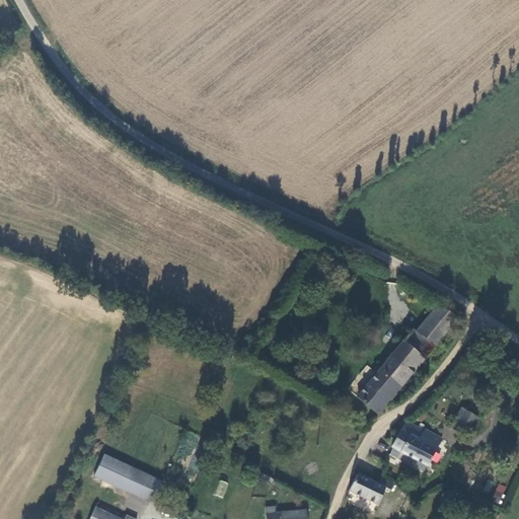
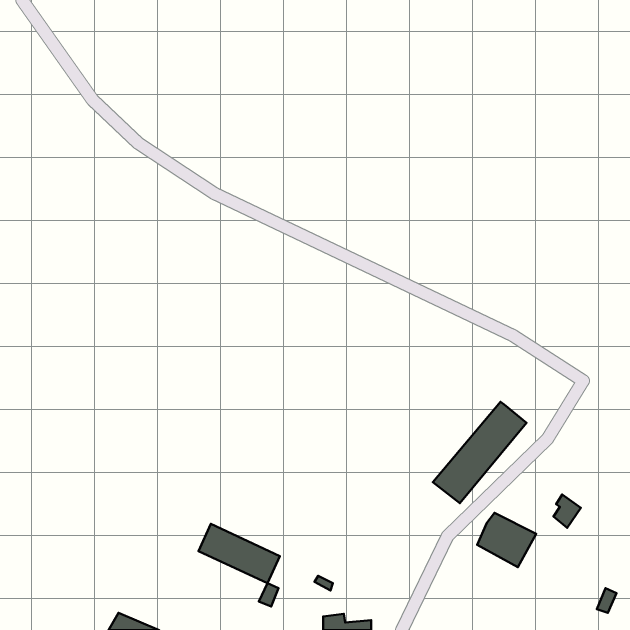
building: [415,305,456,348] -> none
building: [94,455,161,504] -> [198,524,280,583]
building: [349,474,388,505] -> none

